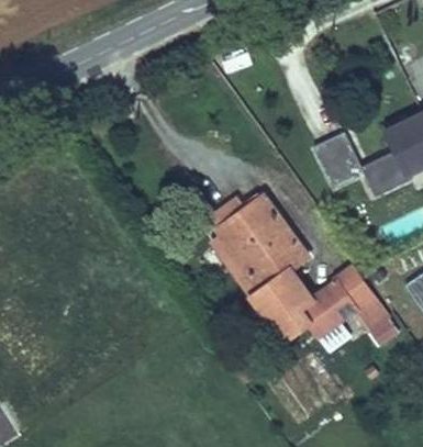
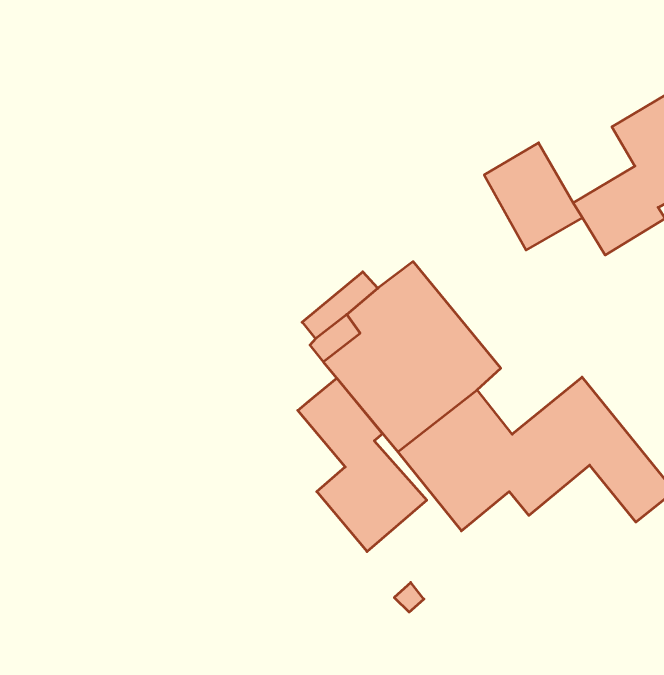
building: none -> [298,378,427,552]

